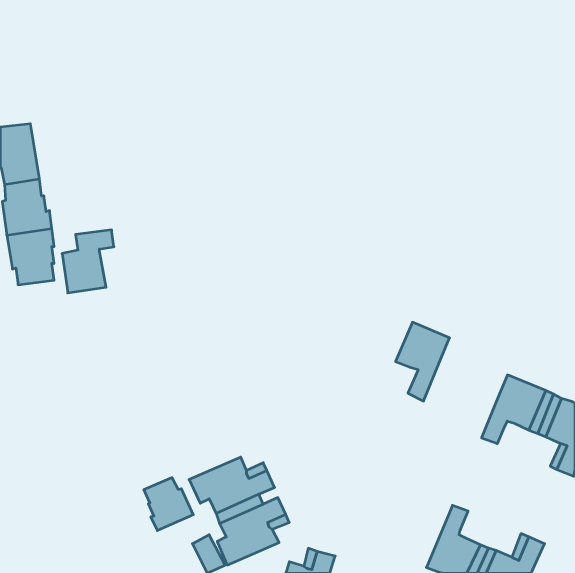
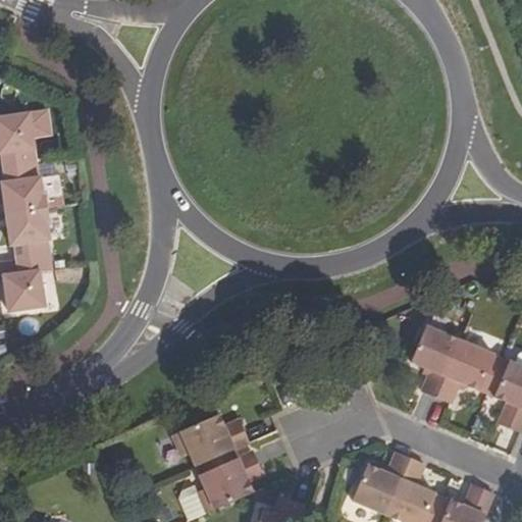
building: [62,230,114,293] -> [4,254,51,311]
building: [396,322,450,401] -> [411,325,460,397]
building: [144,478,193,531] -> none
building: none -> [352,451,410,514]

